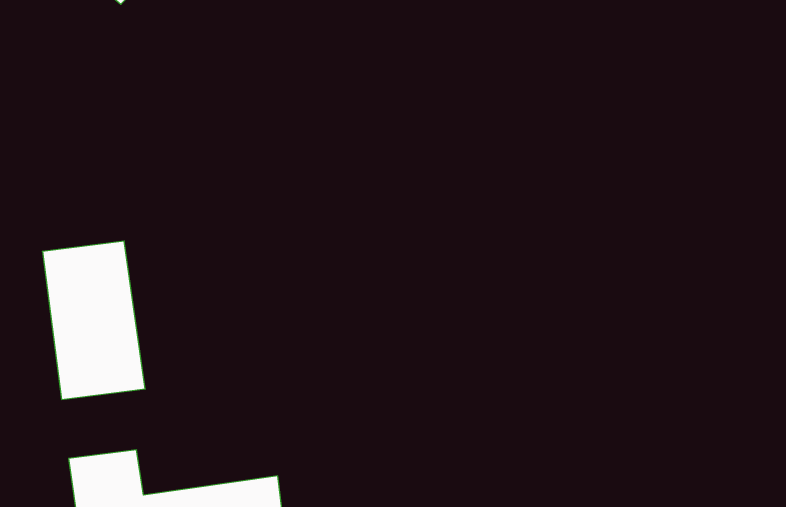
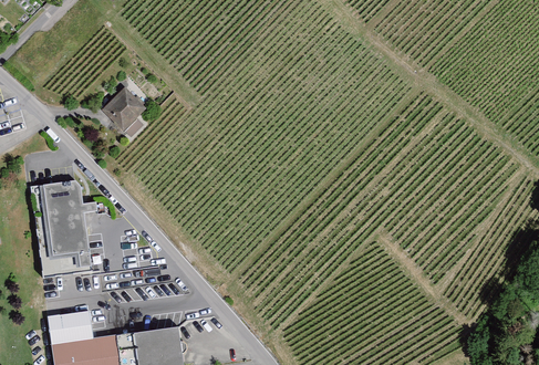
building: none -> [102,87,148,134]

